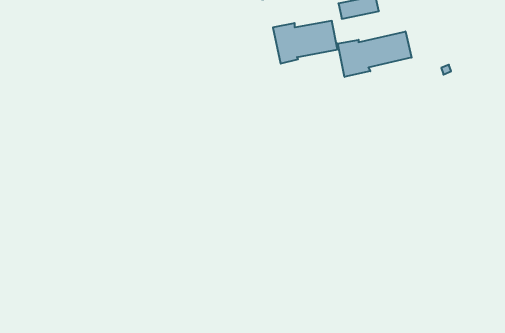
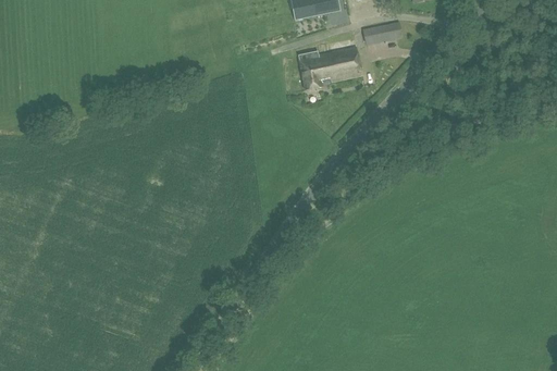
building: [338,31,412,77] -> none

